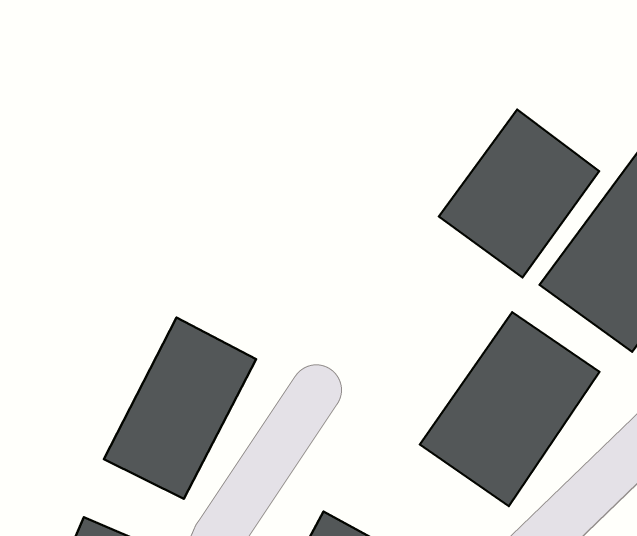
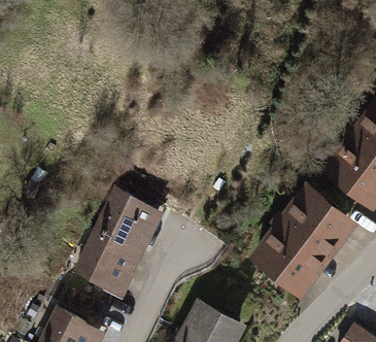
building: [439,110,599,278] -> none

